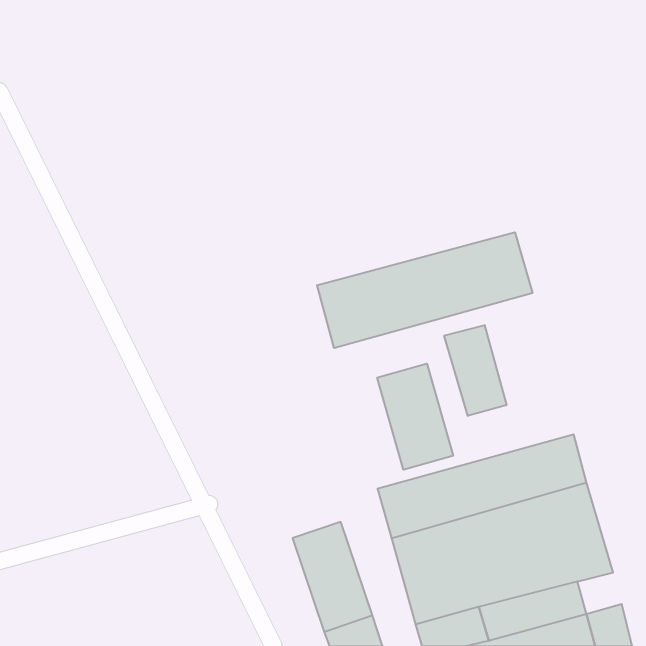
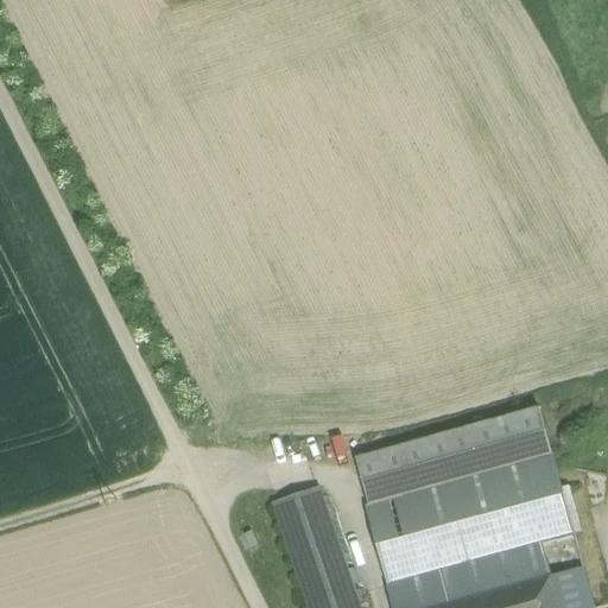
building: [317,232,532,348] -> none
building: [444,325,506,416] -> none
building: [377,364,453,470] -> none

